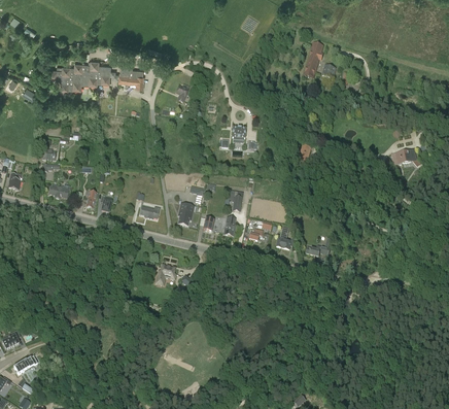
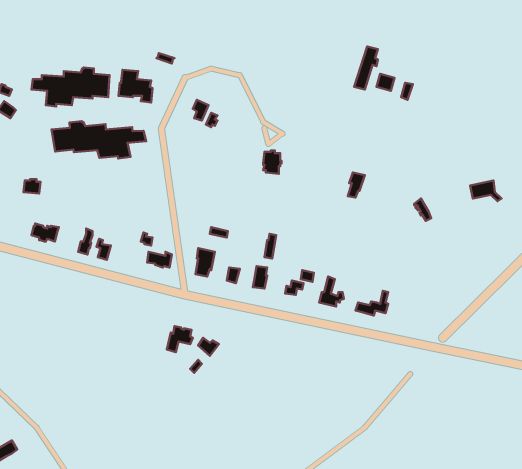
building: none -> [51,121,146,159]

